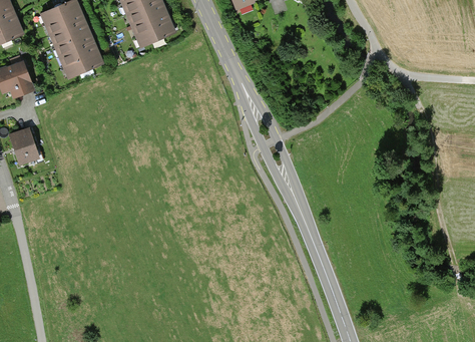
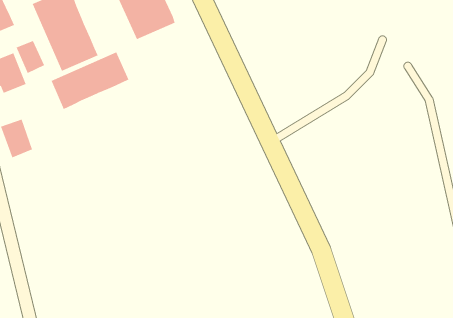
building: none -> [16,40,45,74]
building: none -> [51,52,129,110]

